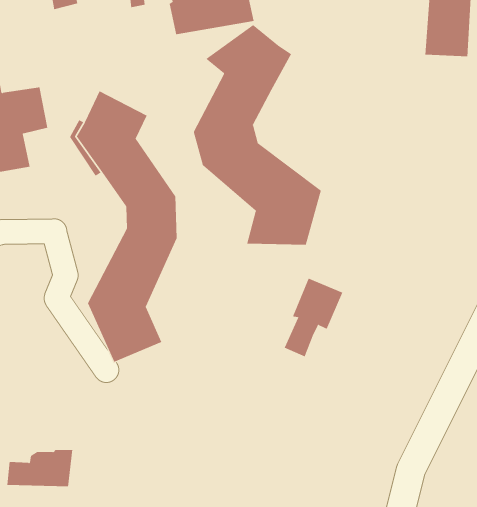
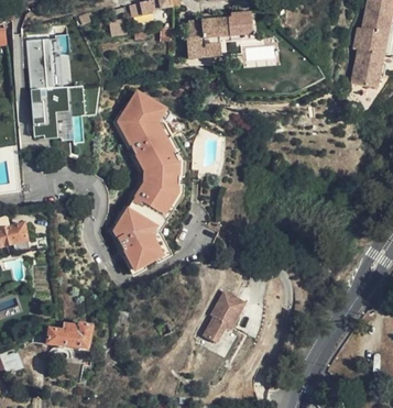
building: [193,24,321,246] -> none
building: [284,278,343,357] -> [205,288,248,340]

